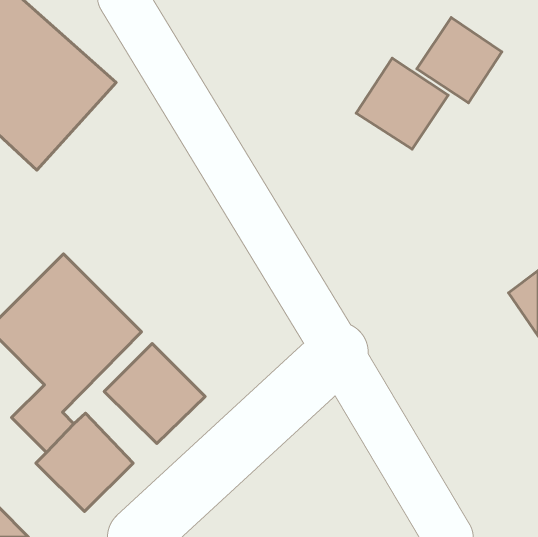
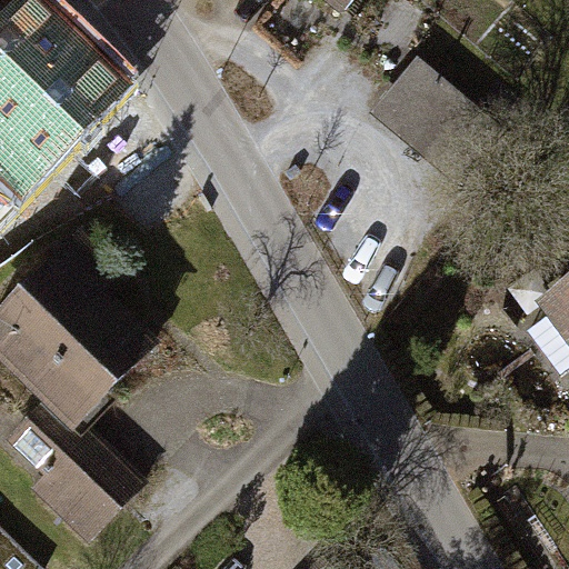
building: [417,17,502,103] -> none
building: [104,343,205,444] -> none

